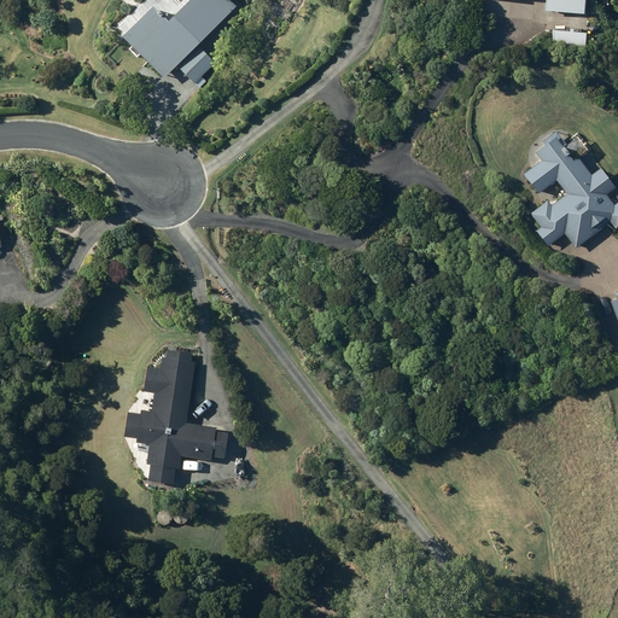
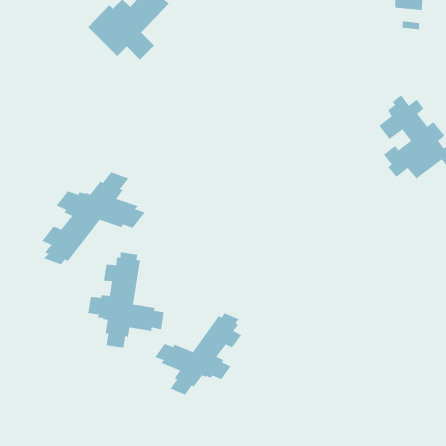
building: none -> [42,172,146,265]
building: none -> [154,312,242,395]

